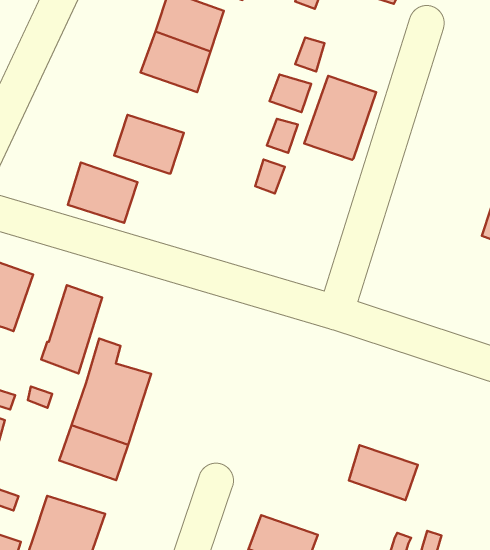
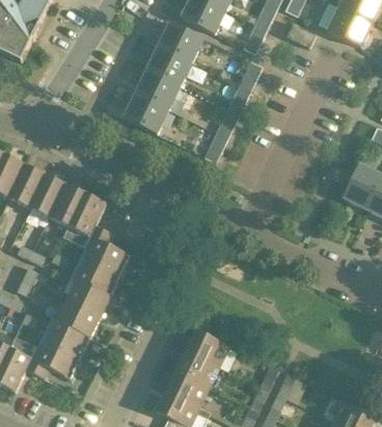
building: [304,76,376,160] -> none
building: [68,163,138,223] -> [135,68,180,108]
building: none -> [48,183,84,225]
building: [349,445,418,500] -> [185,328,228,366]
building: none -> [55,299,99,336]

